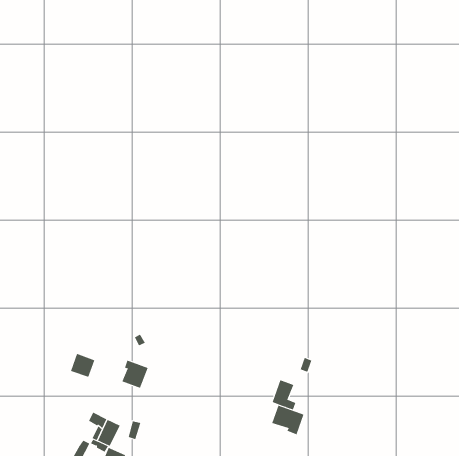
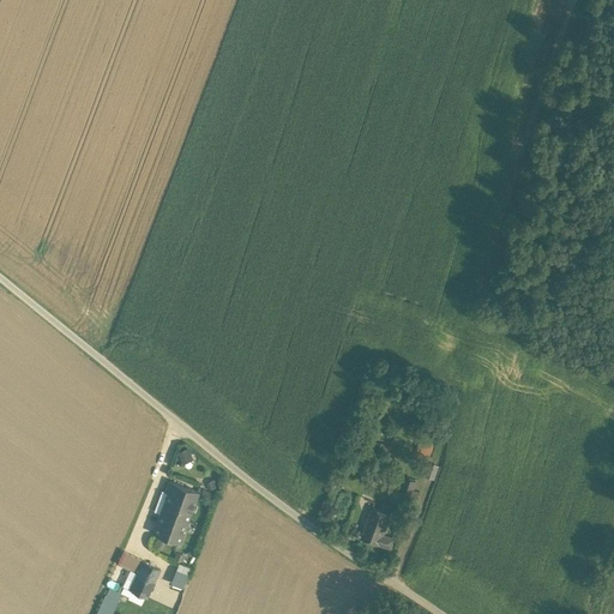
building: [70,353,95,377] -> [155,513,188,546]
building: [272,405,304,435] -> none

